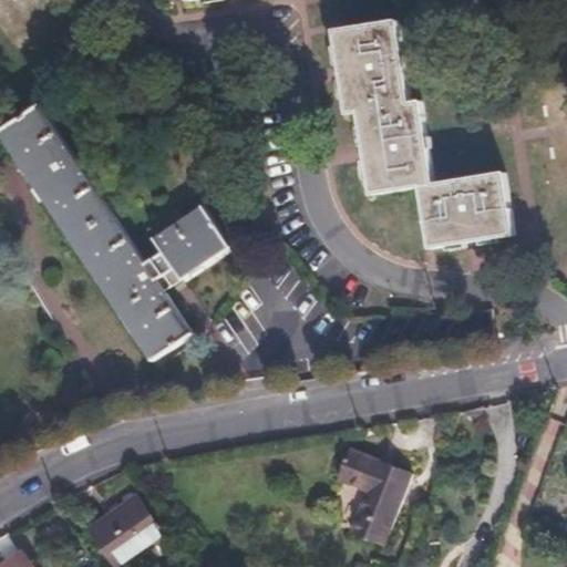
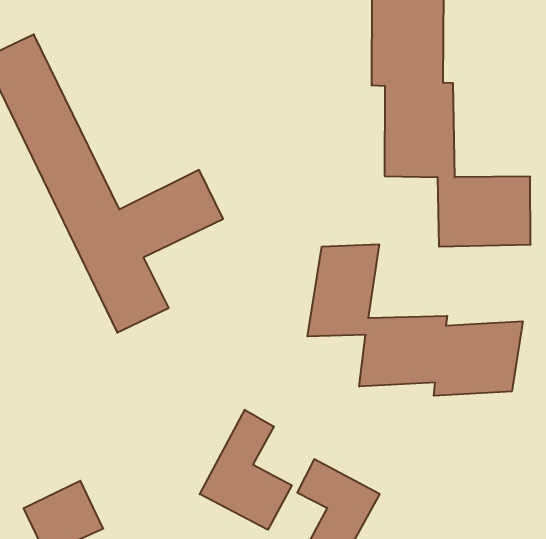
building: none -> [307,244,523,396]
building: none -> [200,410,292,530]

